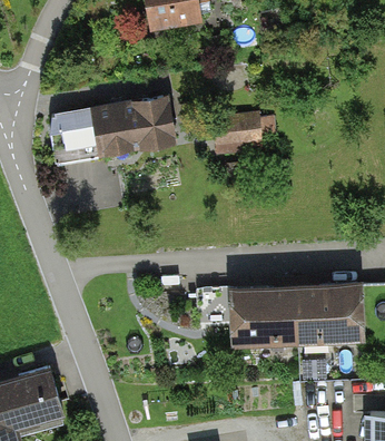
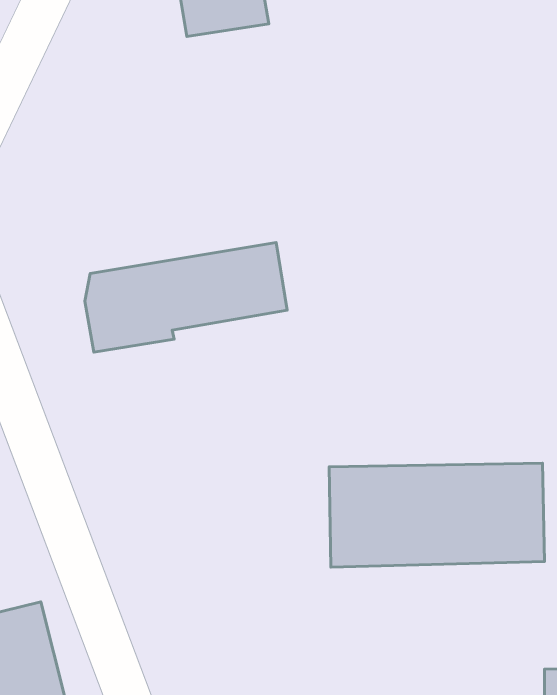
building: [49,96,172,163] -> [85,243,287,352]
building: [215,115,263,153] -> none

